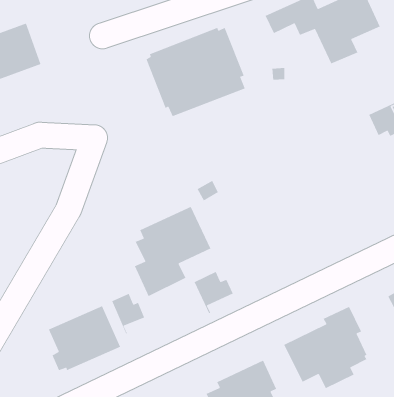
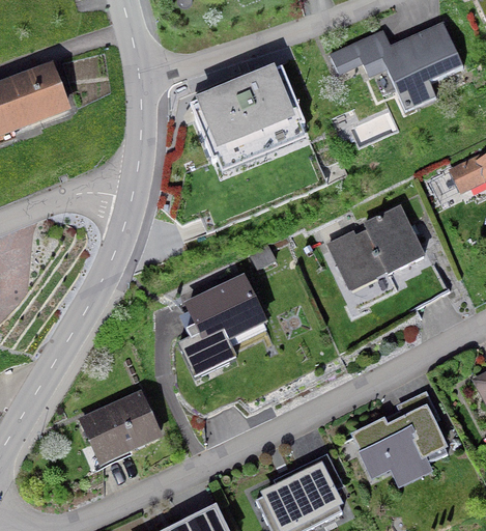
building: none -> [326,204,426,296]
building: [193,271,234,314] -> none
building: [111,293,145,335] -> none

